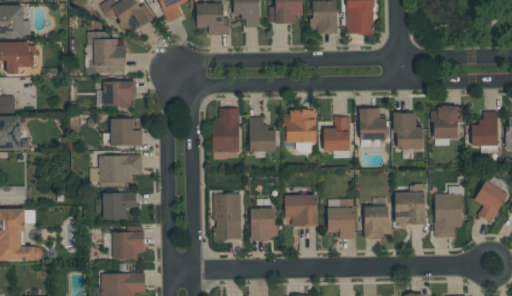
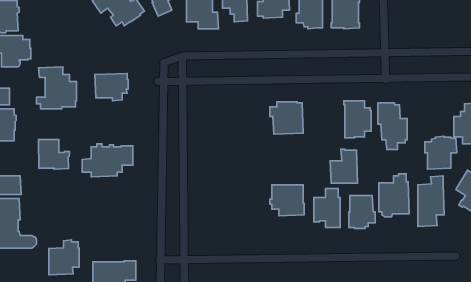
building: [84,31,125,74] -> [37,67,76,109]
building: [430,105,463,139] -> [425,136,457,169]
building: [211,108,239,152] -> none
building: [322,116,350,151] -> [330,149,357,183]
building: [249,117,275,152] -> none
building: [110,119,141,146] -> none
building: none -> [38,140,70,169]
building: [212,190,241,240] -> none
building: [102,192,137,220] -> none
building: [250,208,277,242] -> none
building: [112,224,143,260] -> [49,240,79,275]

